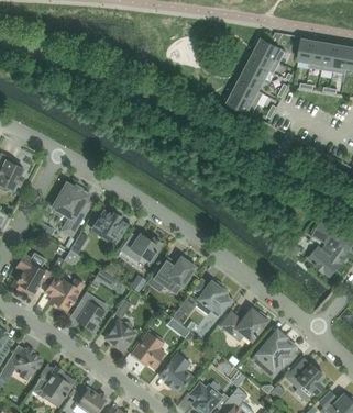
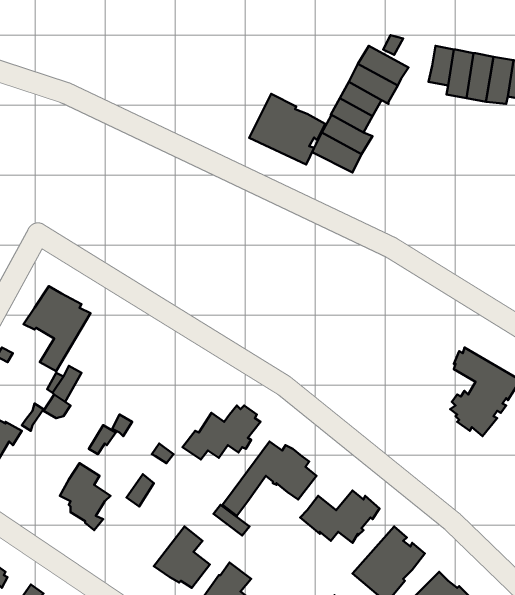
building: none -> [249,94,325,164]
building: [93,210,125,239] -> none
building: [120,234,161,261] -> none
building: [44,278,82,310] -> none
building: [104,321,135,350] -> none

